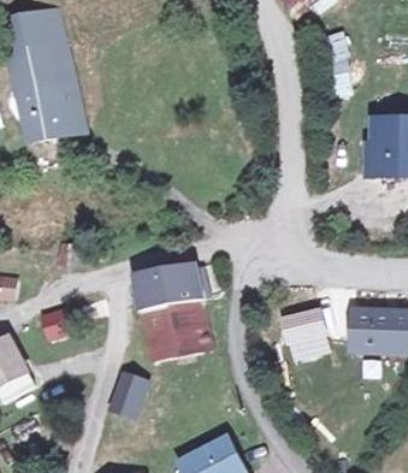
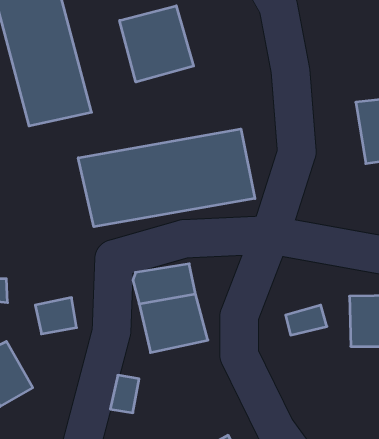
building: none -> [120,6,194,82]
building: none -> [78,129,255,227]

